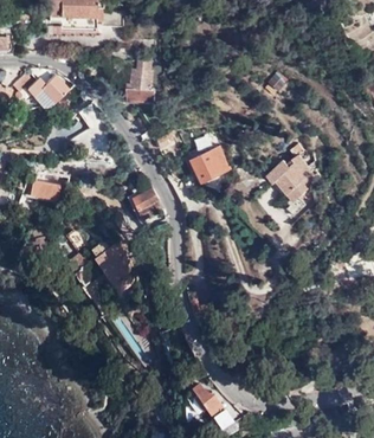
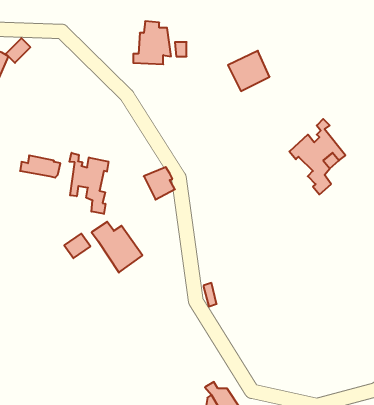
building: [26,75,67,107] -> none
building: [191,147,228,183] -> [228,51,270,91]
building: none -> [69,153,108,214]

